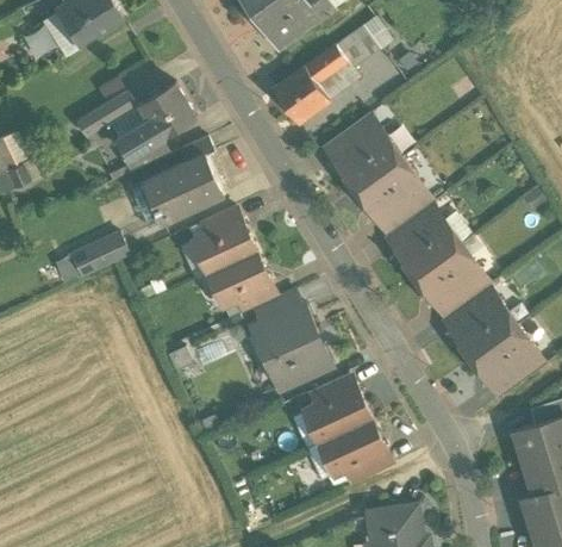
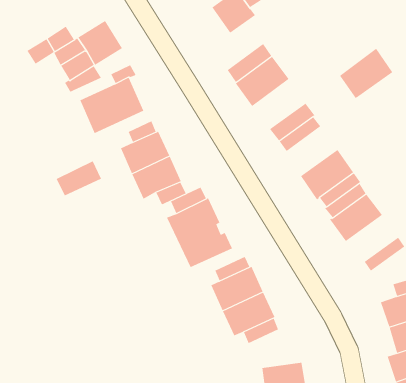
building: [273,66,327,122] -> none
building: [355,155,421,218] -> [339,48,393,99]
building: [393,213,461,275] -> none
building: [71,231,129,275] -> [56,160,102,196]
building: [470,323,536,384] -> none

